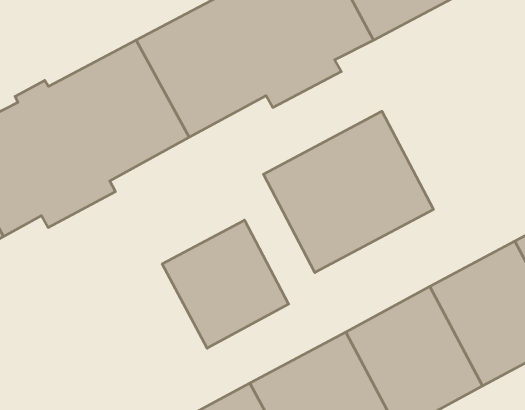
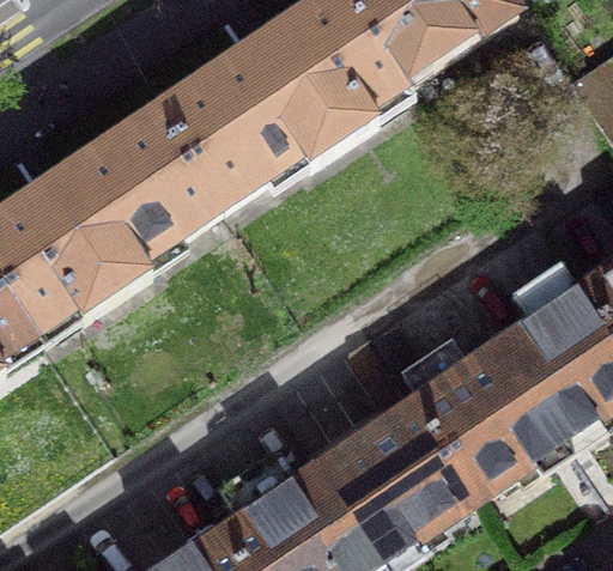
building: [263,111,433,273] -> none
building: [162,220,289,348] -> none

